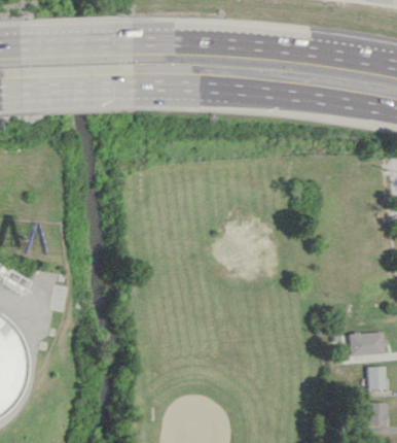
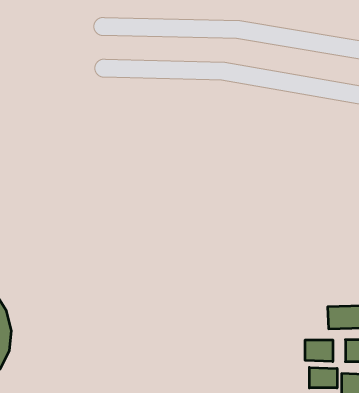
building: none -> [305,340,333,362]
building: none -> [309,367,337,388]

